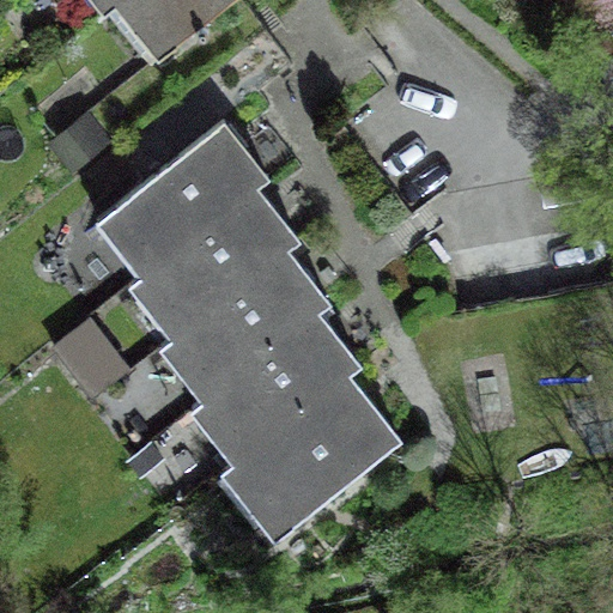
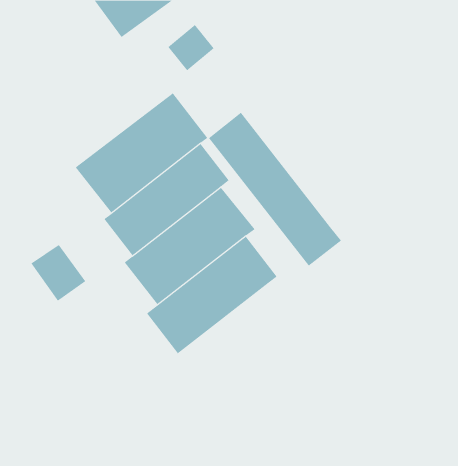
building: none -> [208,112,342,267]
building: [225,375,400,536] -> none

